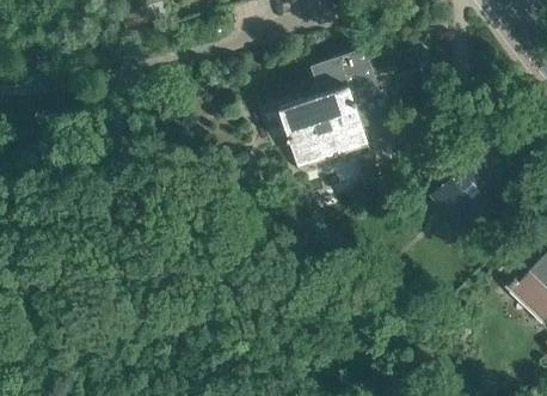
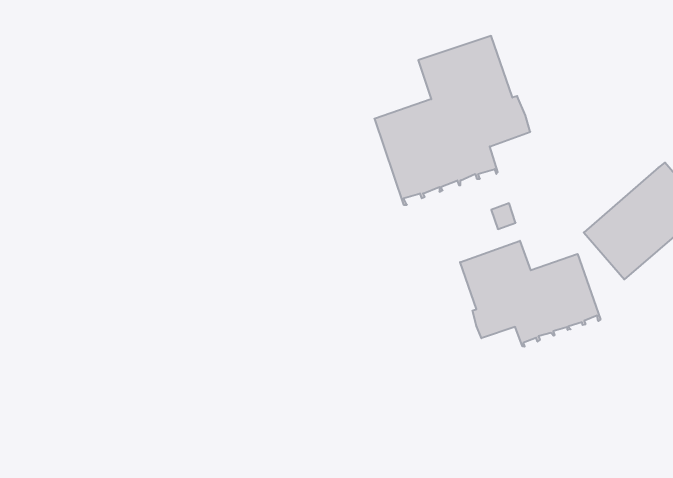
building: none -> [460,241,600,347]

